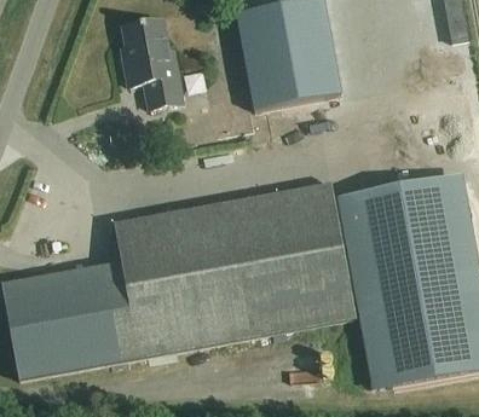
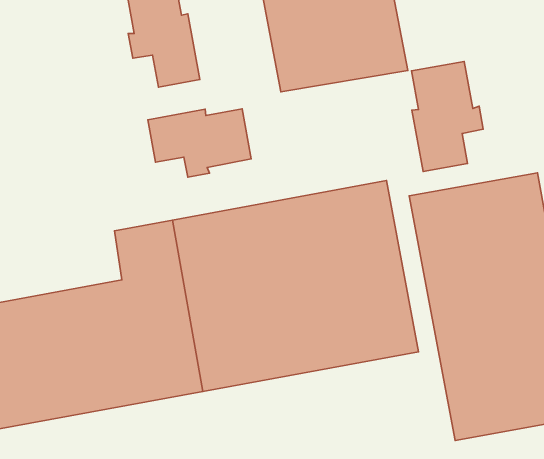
building: none -> [412,61,483,172]
building: none -> [148,109,251,177]

